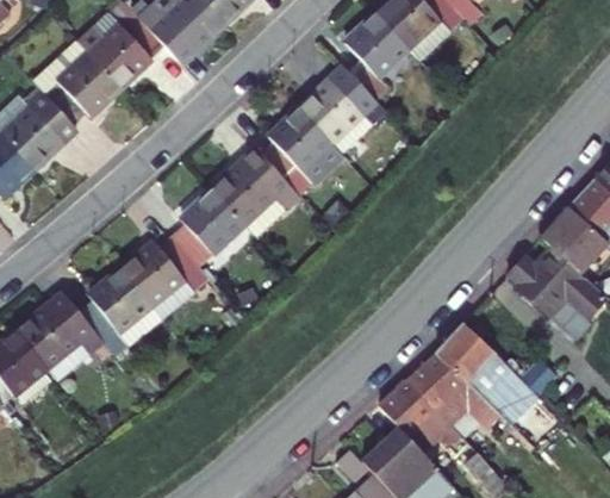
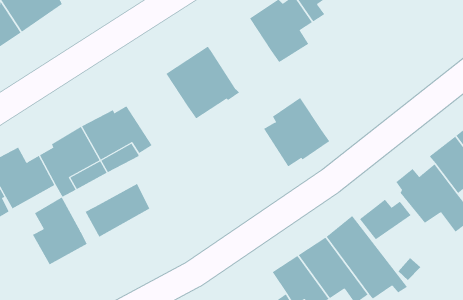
building: [261,108,343,194] -> [263,97,330,167]
building: [172,191,243,266] -> none
building: none -> [359,199,412,240]
building: none -> [85,183,150,238]
building: none -> [32,197,88,265]

